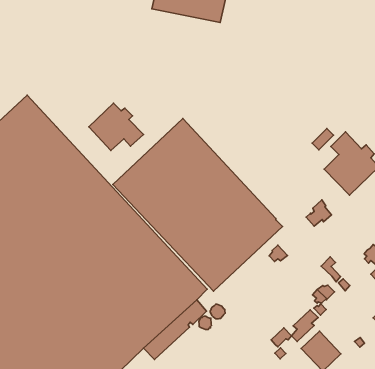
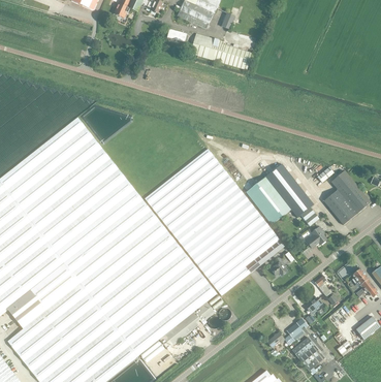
building: [89,103,143,151] -> none
building: none -> [245,164,318,225]

